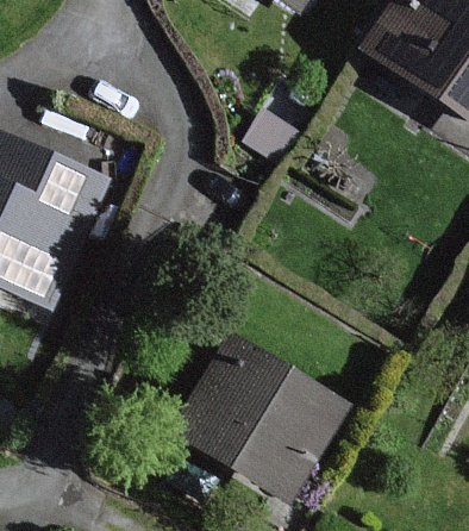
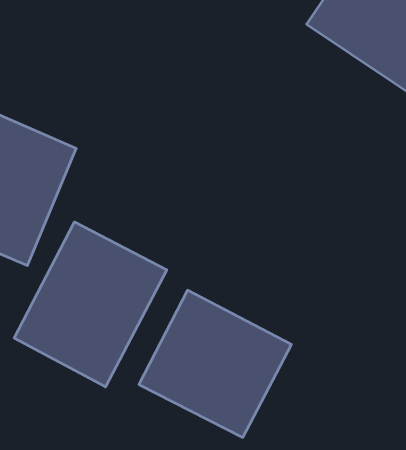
building: none -> [14,222,167,387]

